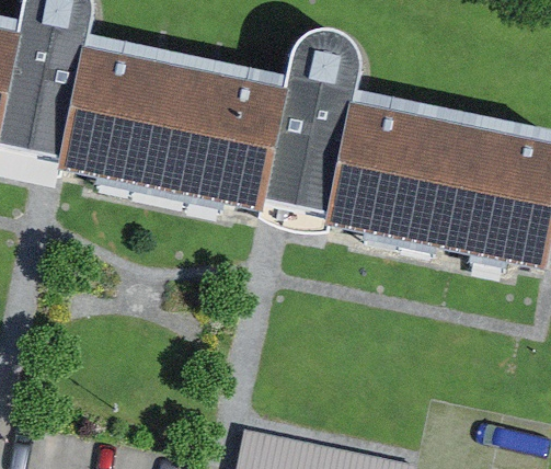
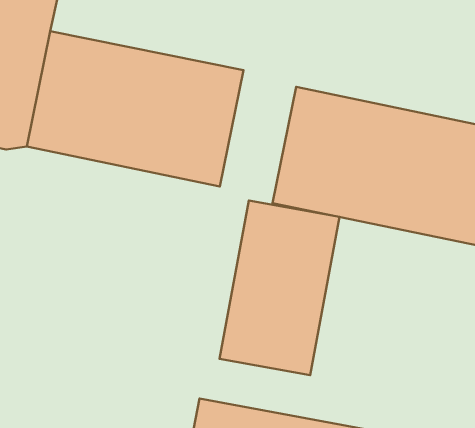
building: [265,24,363,224] -> none
building: none -> [219,201,340,375]

